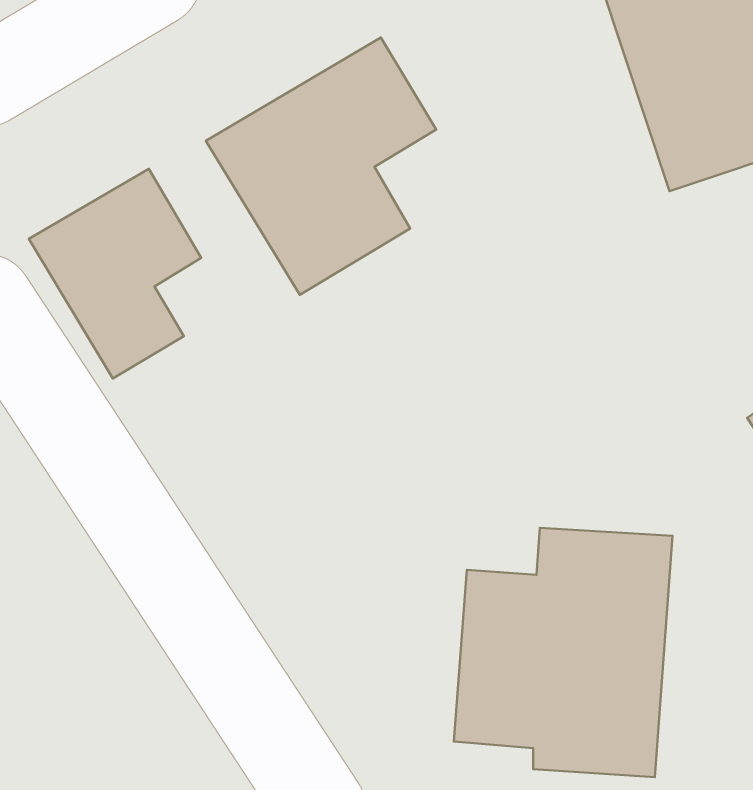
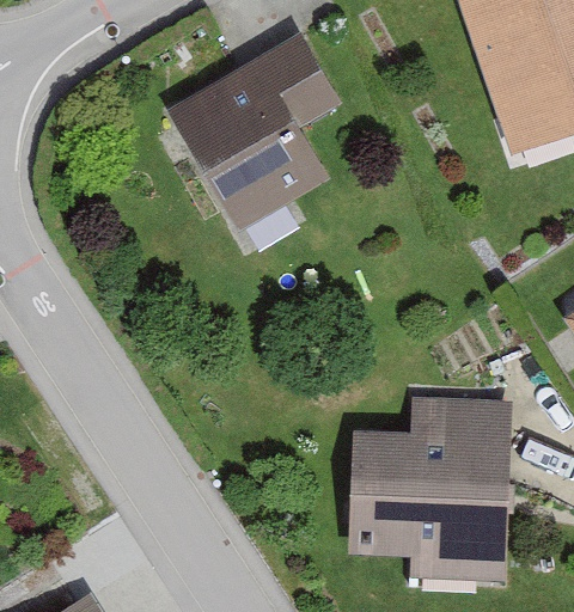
building: [29,169,201,379] -> none

